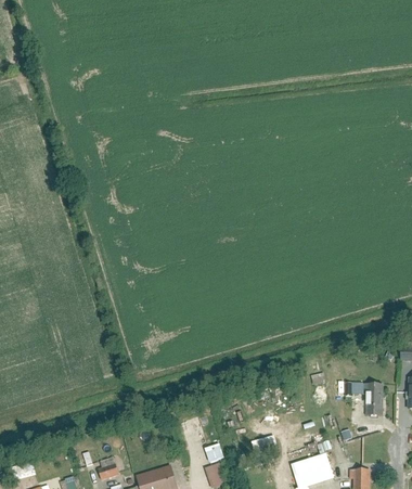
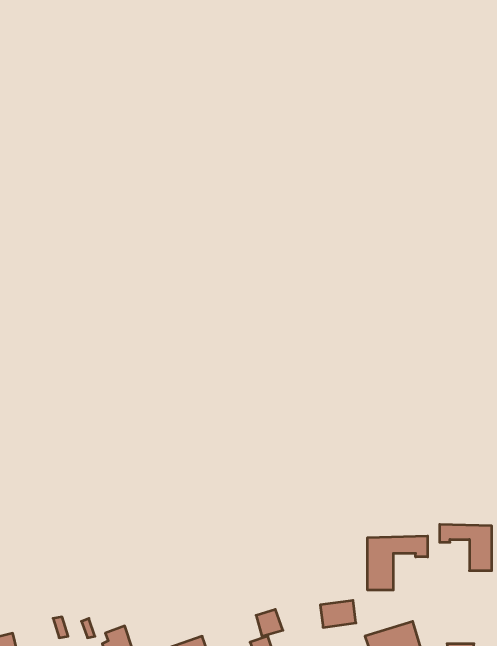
building: none -> [368,536,428,590]

